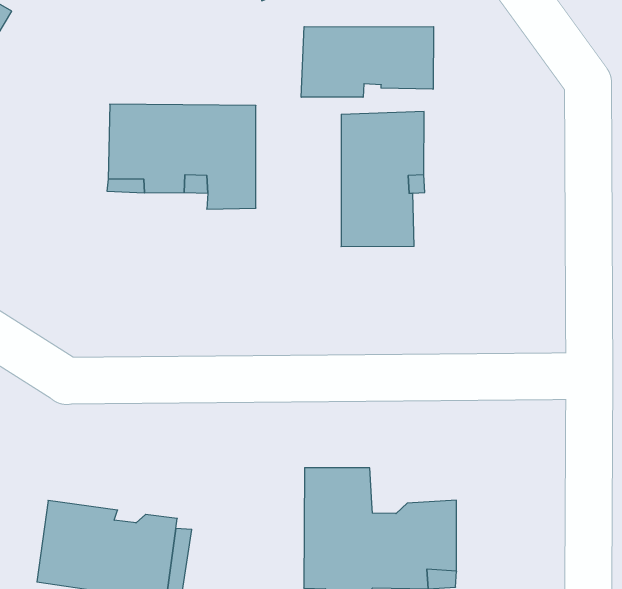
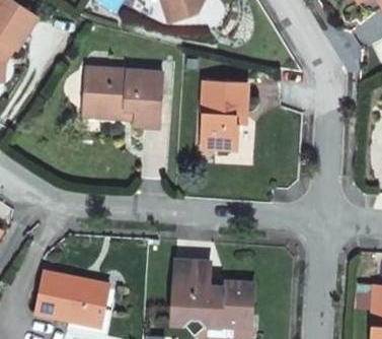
building: [301,27,434,97] -> none

